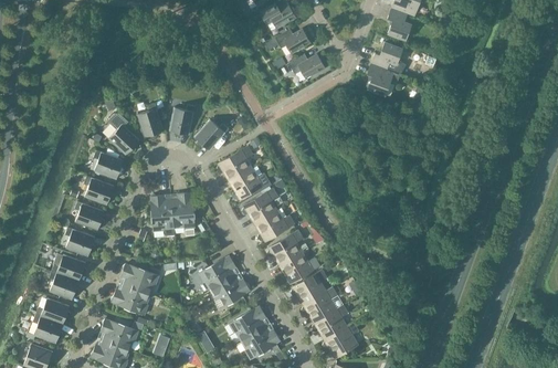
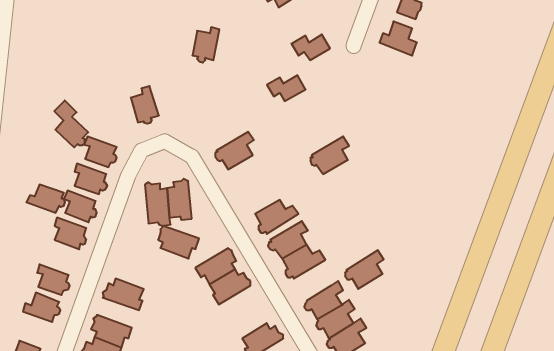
building: [274,28,310,52] -> [267,75,306,101]
building: [367,63,408,94] -> none
building: [169,103,194,136] -> [192,27,219,63]
building: [107,109,139,154] -> [54,100,88,147]
building: [194,118,229,149] -> none
building: [229,167,270,199] -> none
building: [242,187,278,222] -> [310,136,349,174]
building: [51,253,87,280] -> [26,185,65,213]
building: [120,262,159,293] -> [158,226,199,259]
building: [291,267,327,304] -> [345,250,384,289]
building: [229,304,266,339] -> none
building: [33,314,63,343] -> none

